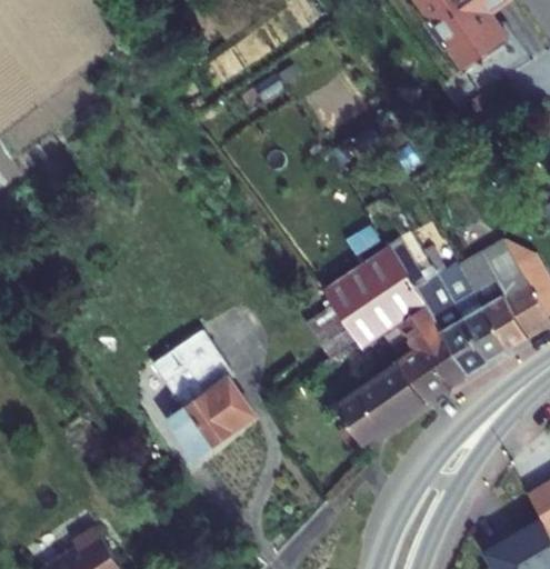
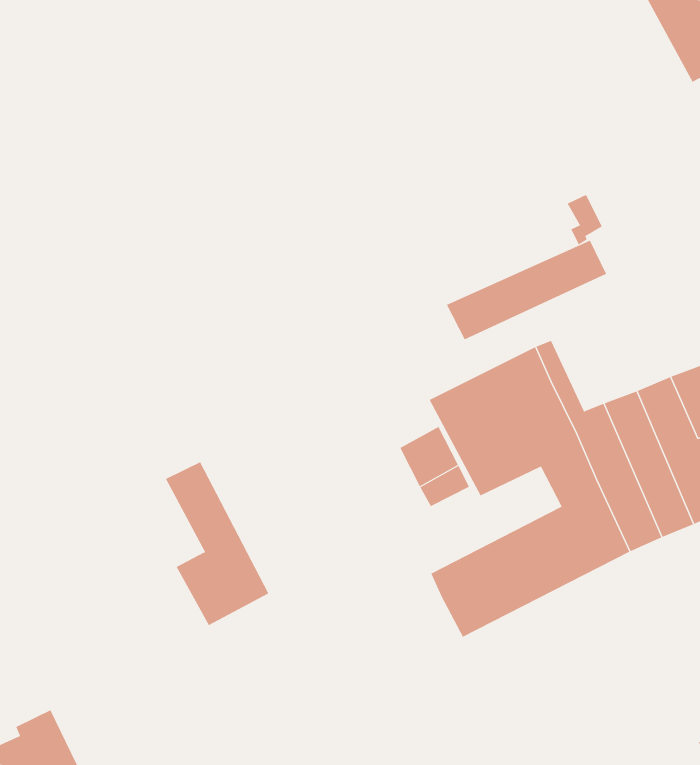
building: none -> [446,240,607,340]
building: [174,331,254,431] -> none

